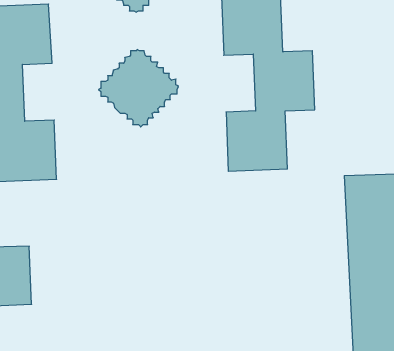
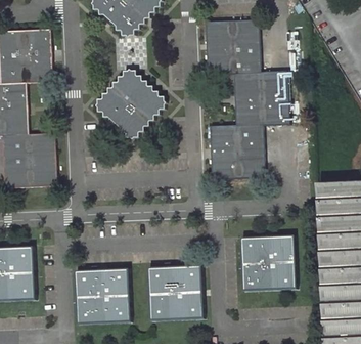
building: none -> [241,234,296,290]
building: none -> [148,264,202,319]
building: none -> [76,268,130,322]

